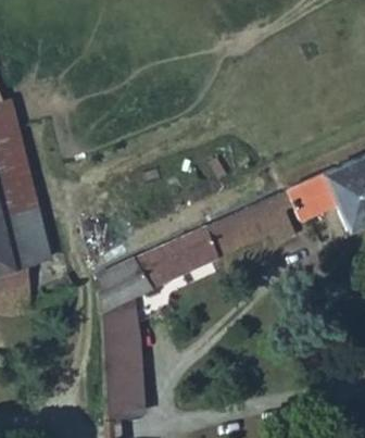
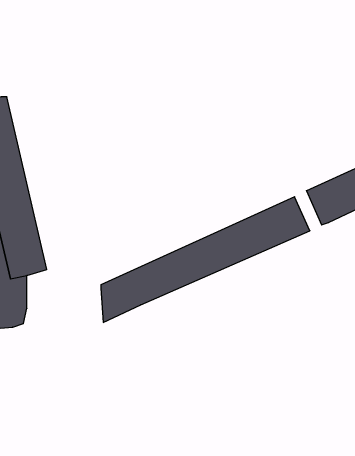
building: [100,292,146,400] -> none

